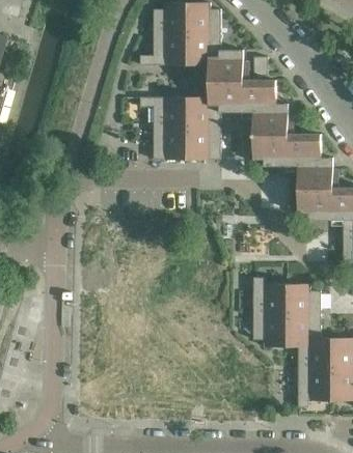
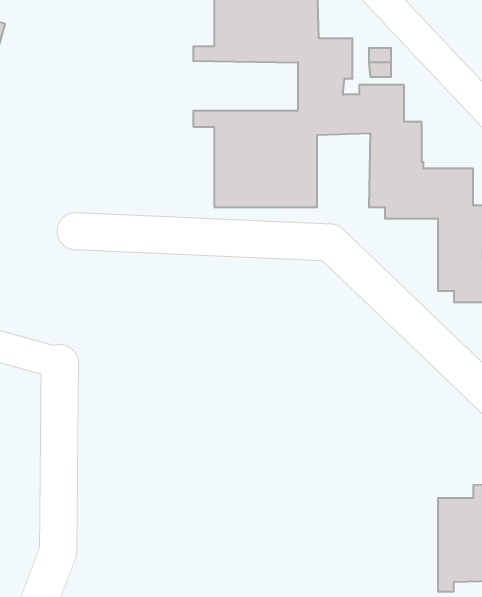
building: [253,277,321,346] -> none

